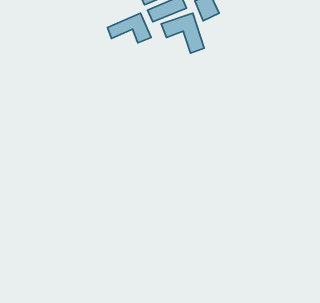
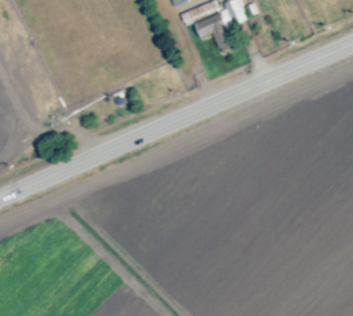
building: [108,13,151,43] -> none

